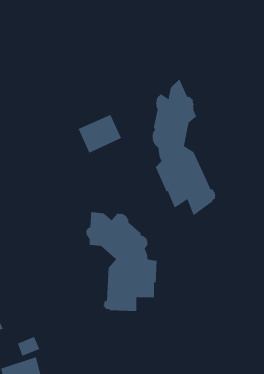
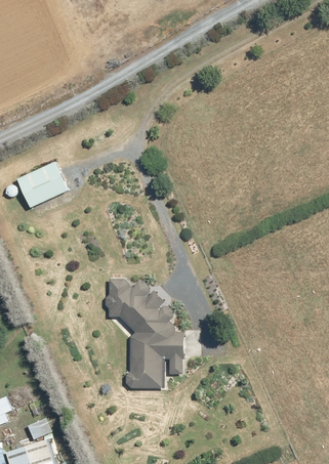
building: [152,79,216,216] -> none
building: [78,114,122,154] -> [17,163,67,207]

